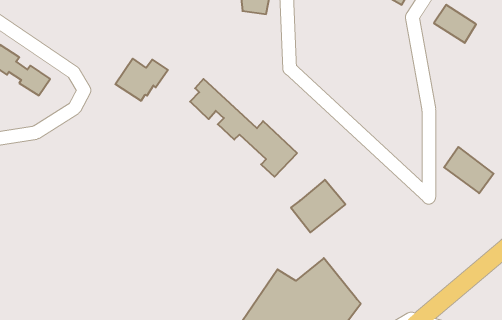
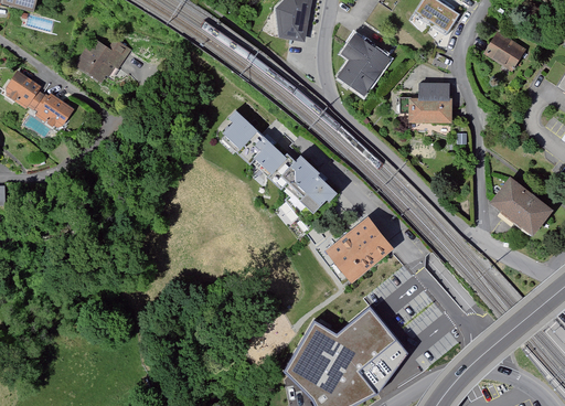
building: none -> [342,38,388,93]
building: none -> [412,85,449,124]
building: [115,59,168,101] -> [74,36,130,82]

